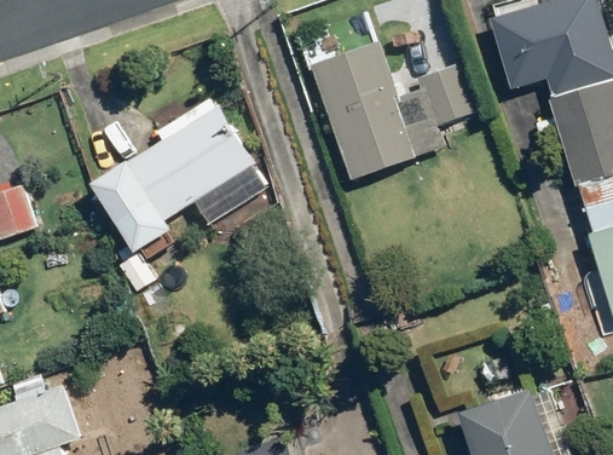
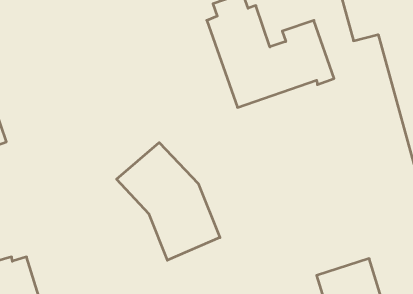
building: [93,105,267,281] -> none
building: none -> [117,143,220,260]

